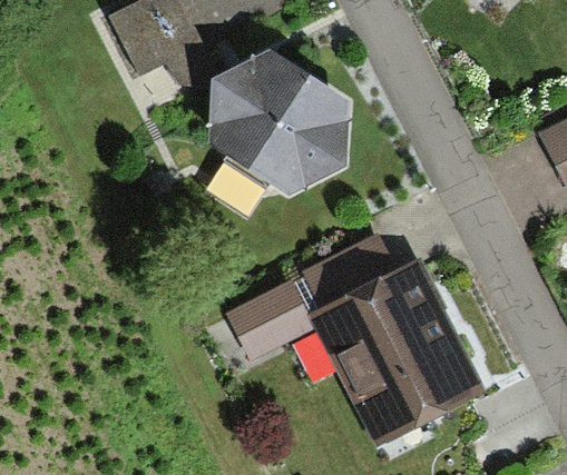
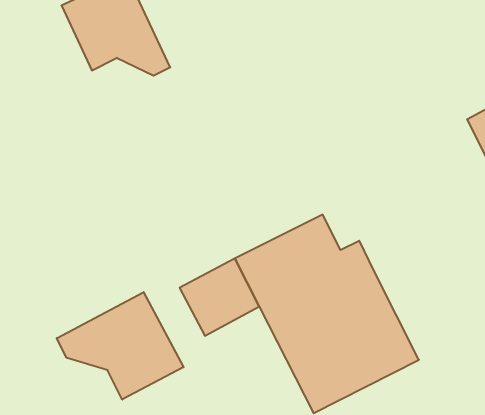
building: [209,51,350,200] -> none
building: none -> [57,292,184,400]

